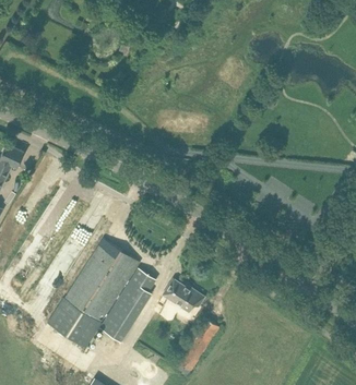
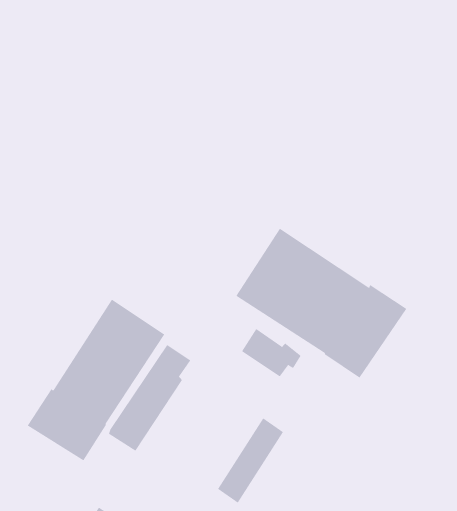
building: none -> [236,228,407,379]
building: [163,278,203,311] -> [241,328,301,377]

